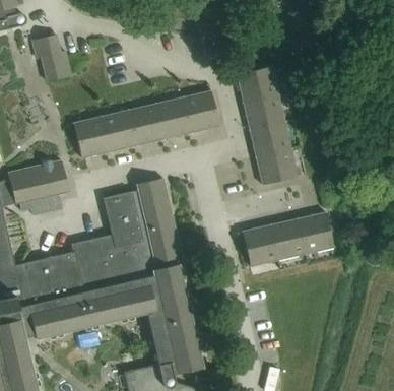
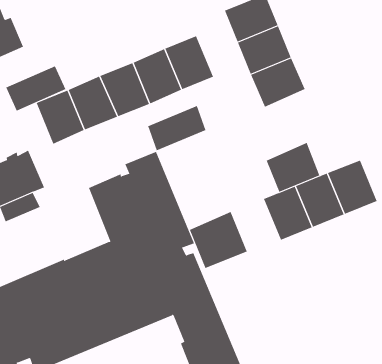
building: none -> [6,65,66,111]
building: none -> [147,105,206,151]
building: [256,148,298,185] -> [266,142,320,193]
building: none -> [189,211,248,269]

